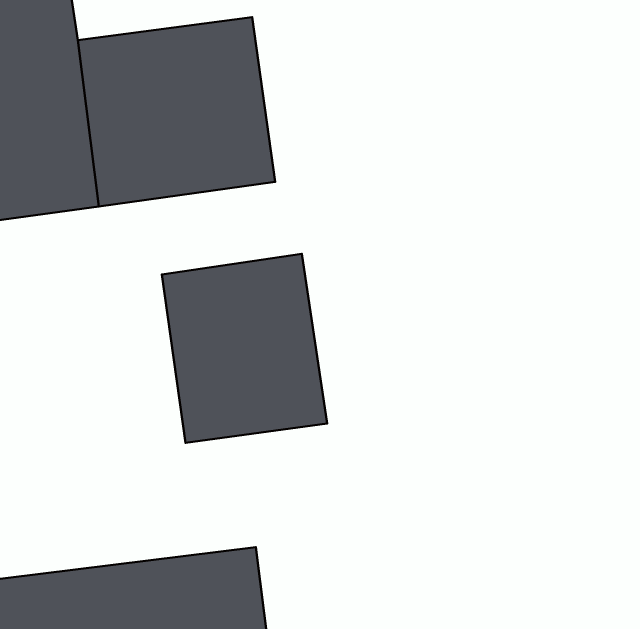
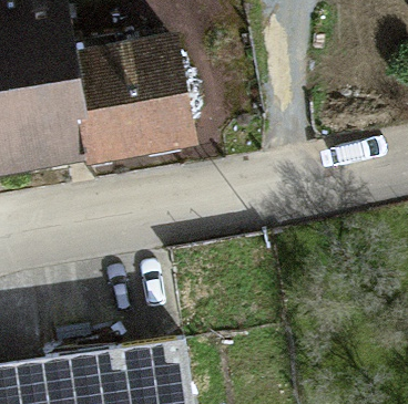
building: [162,254,327,443] -> none

